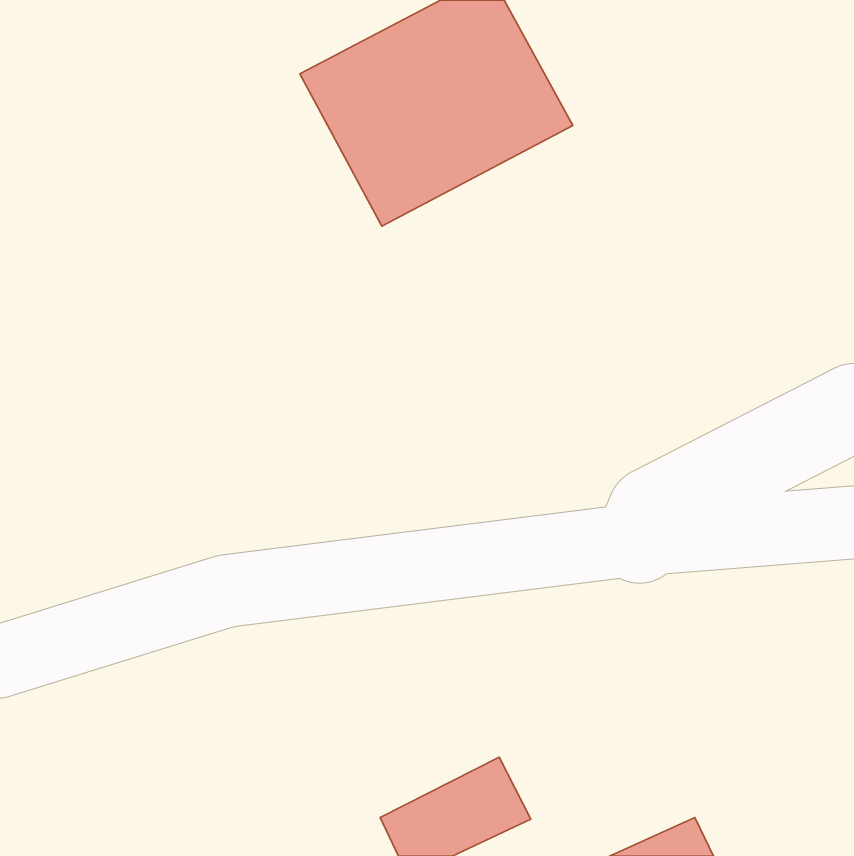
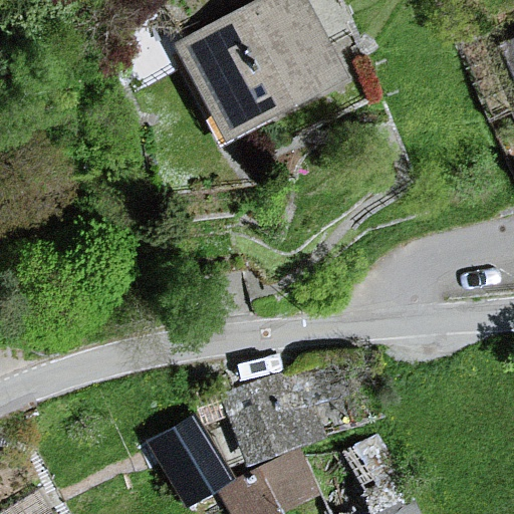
building: none -> [231,373,319,456]
building: none -> [154,419,228,501]

